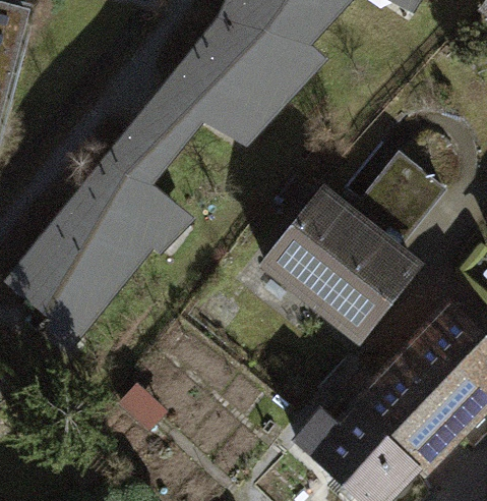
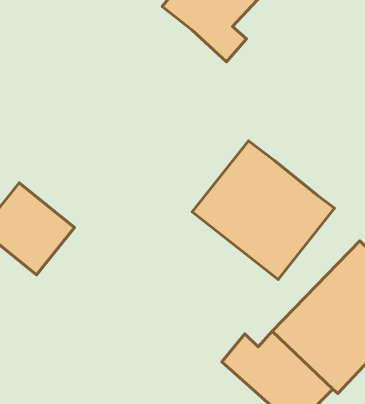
building: [163,24,297,134] -> none
building: [57,125,178,281] -> none
building: [353,148,448,244] -> none

